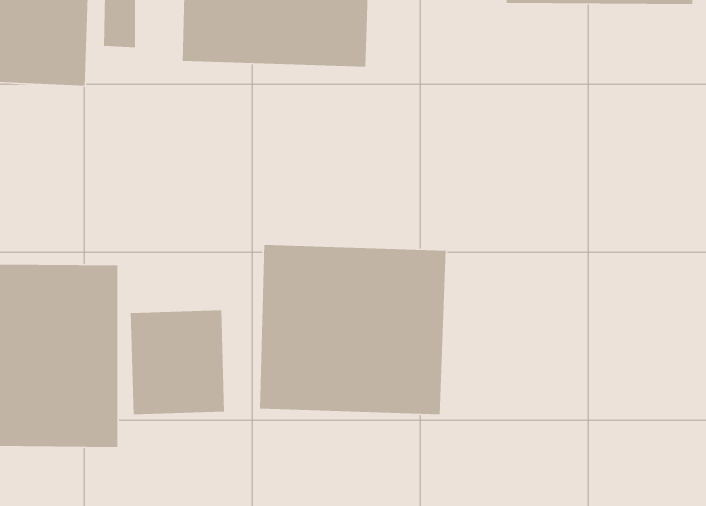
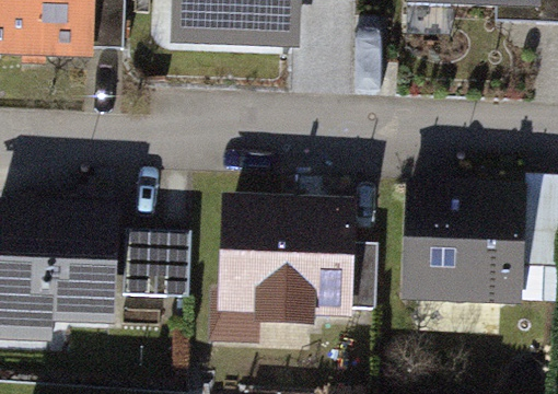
building: none -> [396,186,527,301]

